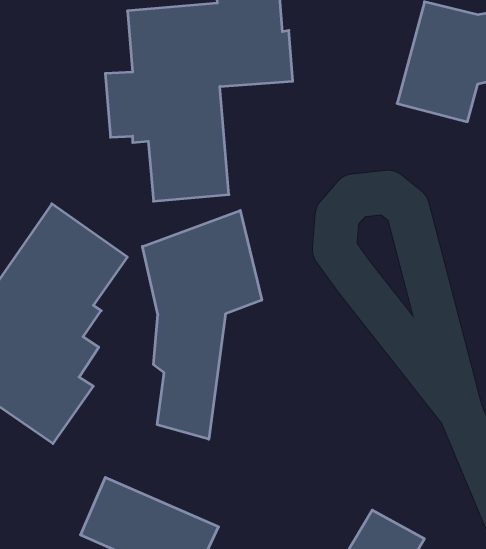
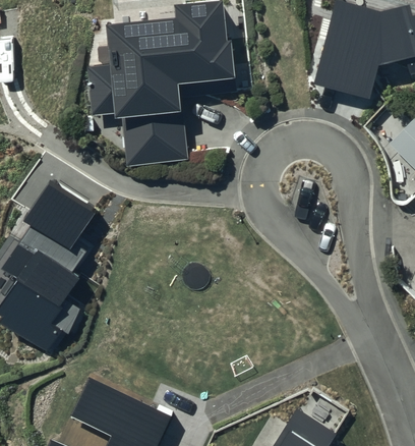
building: [142,210,262,439] -> none

